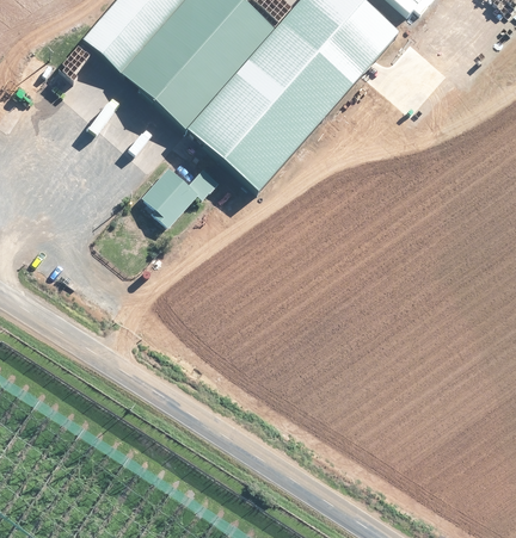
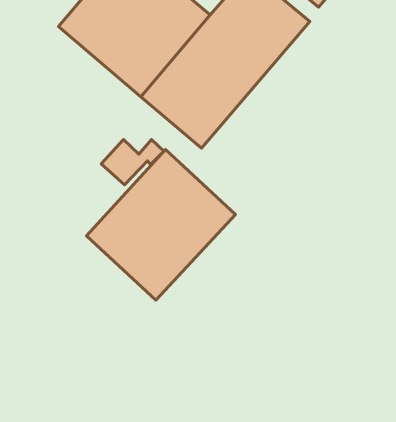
building: none -> [87,150,236,300]

